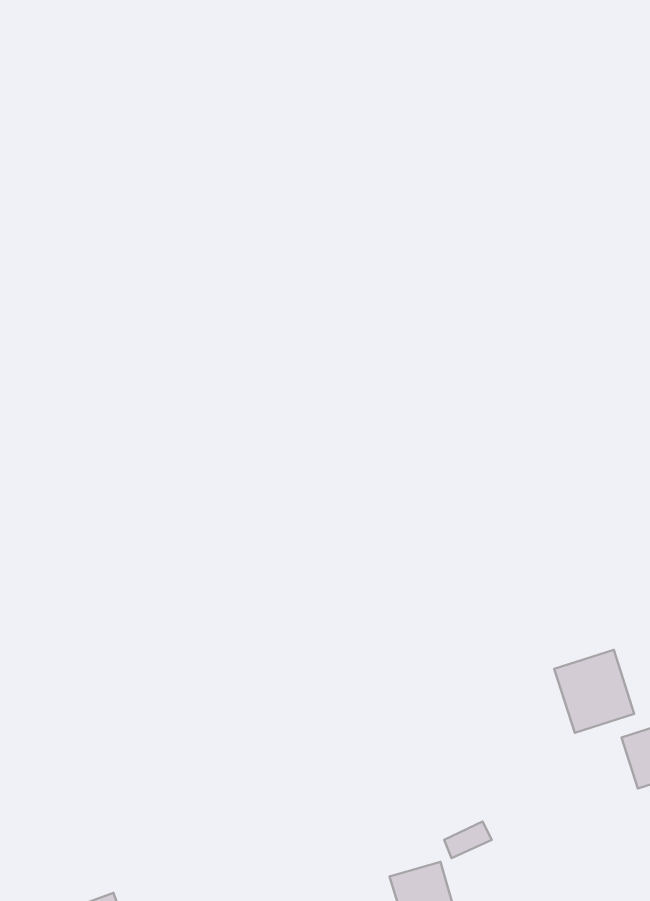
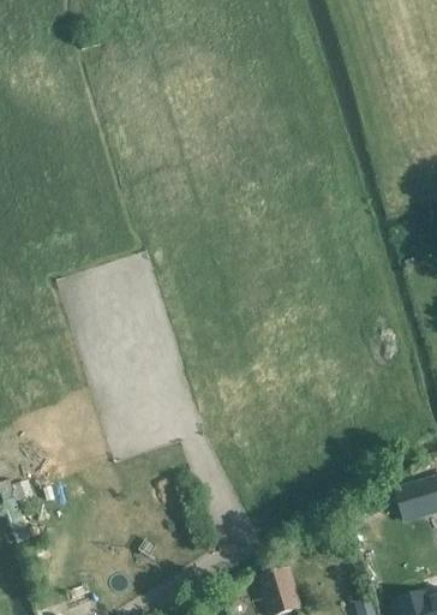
building: [554,650,634,733] -> none

